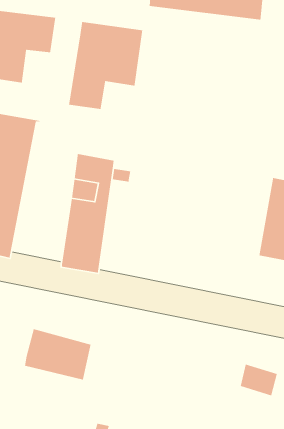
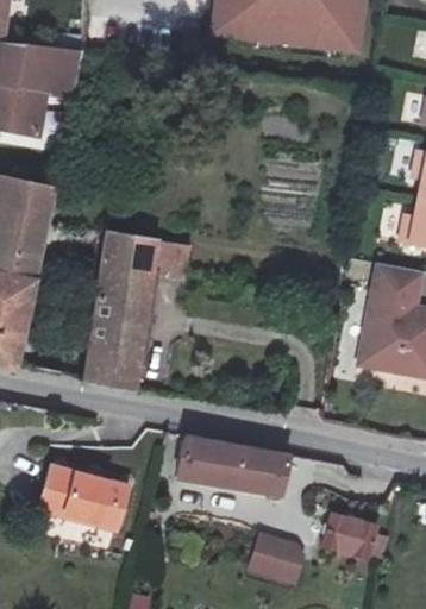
building: [68,21,143,110] -> none
building: none -> [181,434,289,491]
building: none -> [253,536,308,584]

